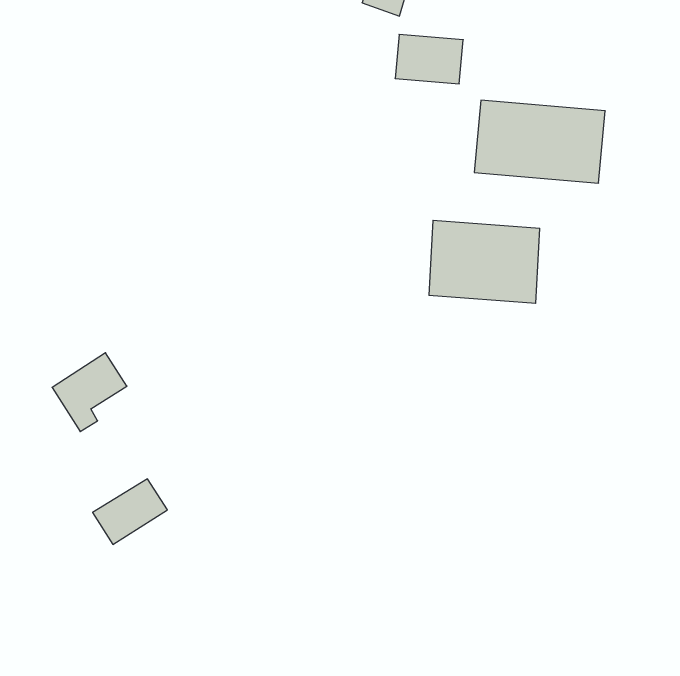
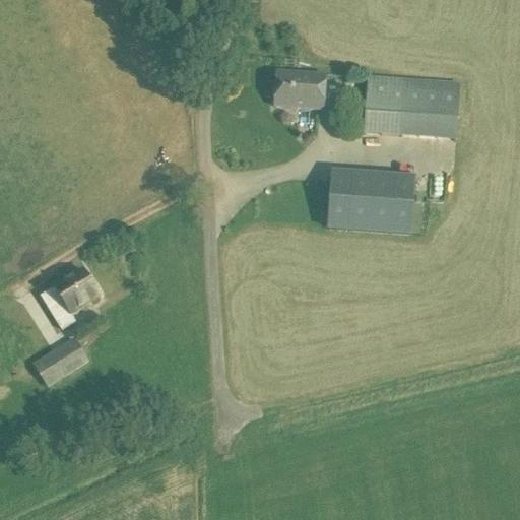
building: [395,34,463,84] -> [273,69,325,107]
building: [93,479,167,544] -> [35,335,91,385]

